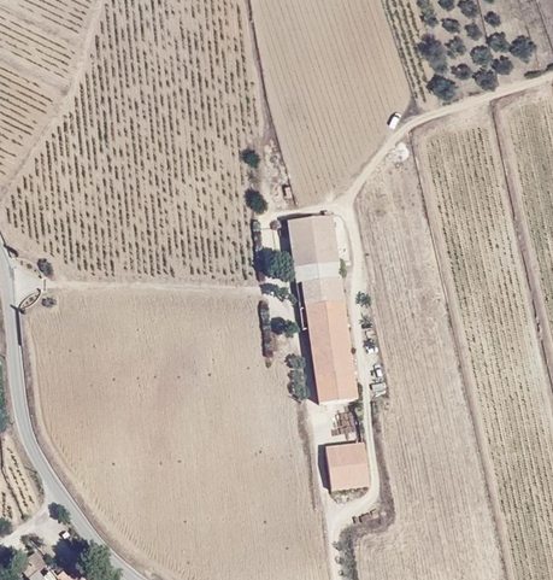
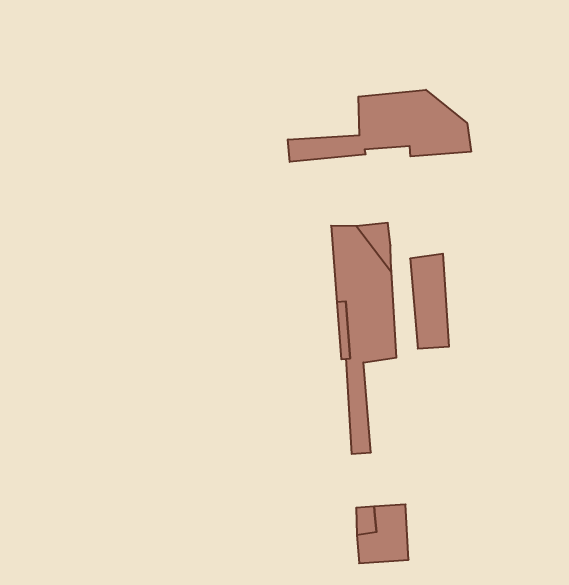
building: none -> [288,90,471,162]
building: [322,322,359,400] -> [410,254,449,349]

